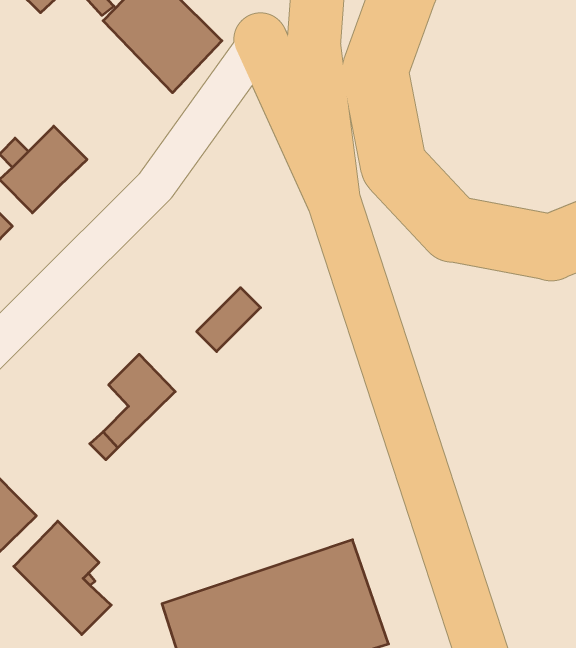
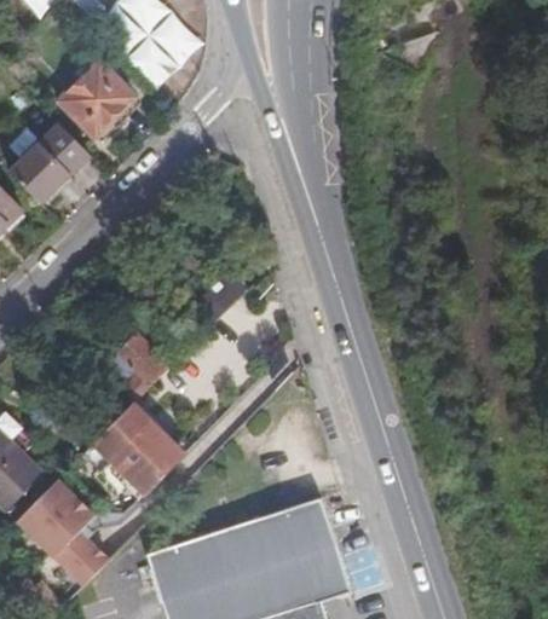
building: none -> [51,56,131,135]
building: none -> [92,405,180,492]

